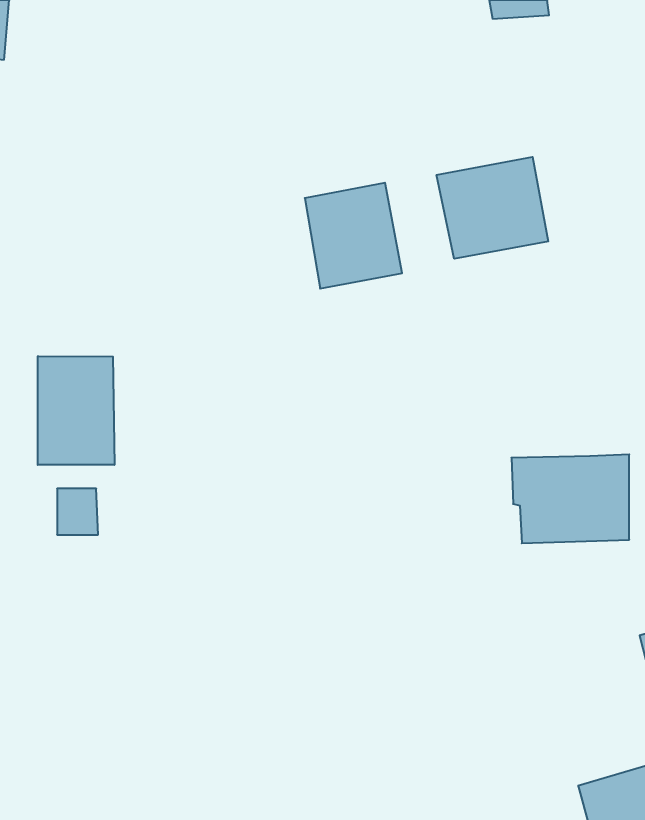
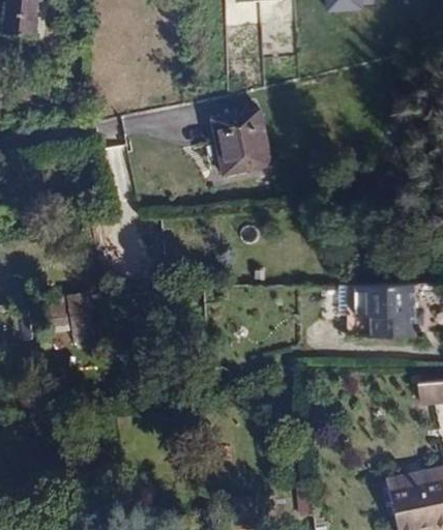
building: [437,157,548,259] -> none
building: [38,356,114,465] -> none

